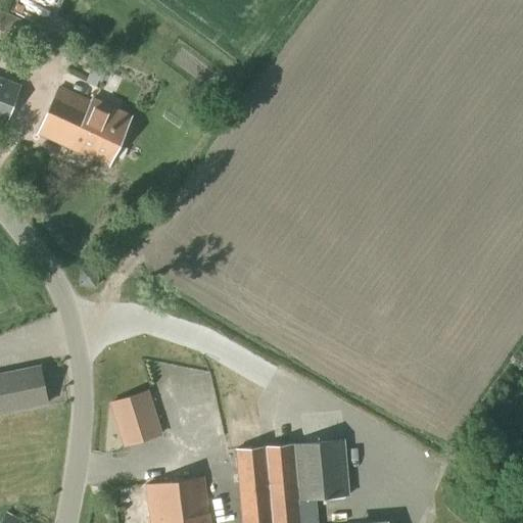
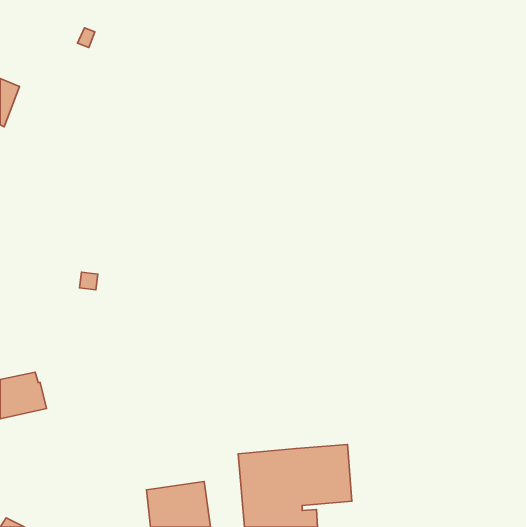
building: [38,89,132,168] -> none
building: [112,391,160,445] -> none

